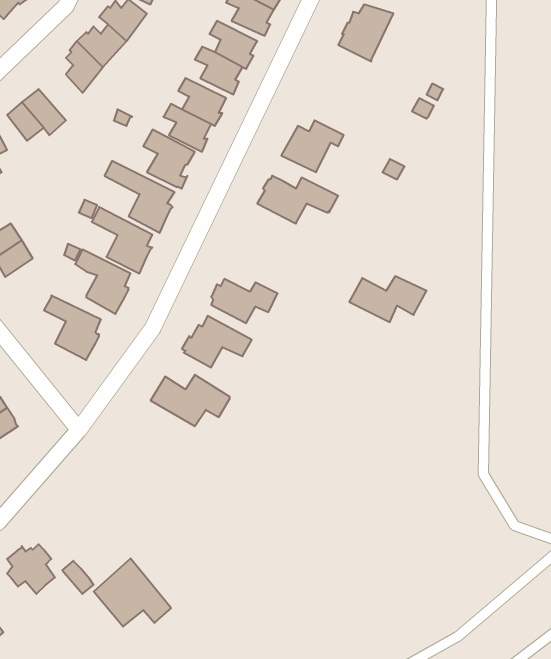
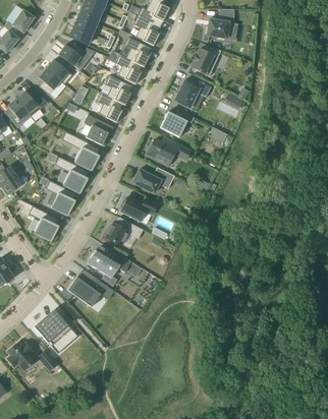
building: none -> [173,80,211,109]
building: [349,276,427,322] -> [131,168,174,193]
building: none -> [67,268,104,307]
building: [94,558,171,627] -> [35,308,77,346]

